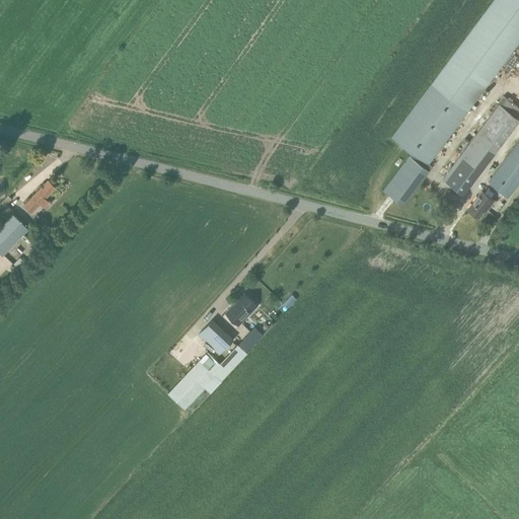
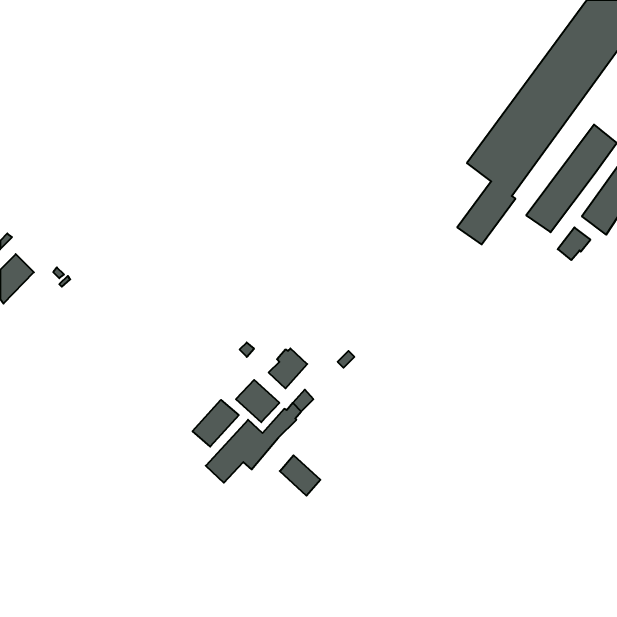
building: [25,181,57,213] -> none
building: none -> [193,400,239,447]
building: none -> [280,455,320,496]

